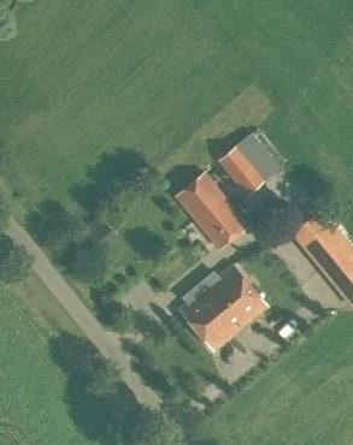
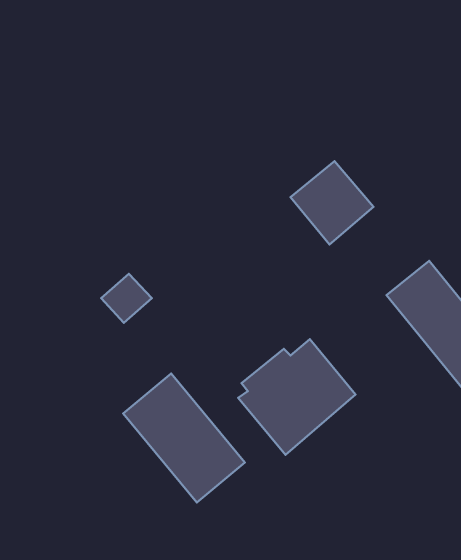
building: [176,173,248,249] -> none
building: none -> [123,374,245,503]

